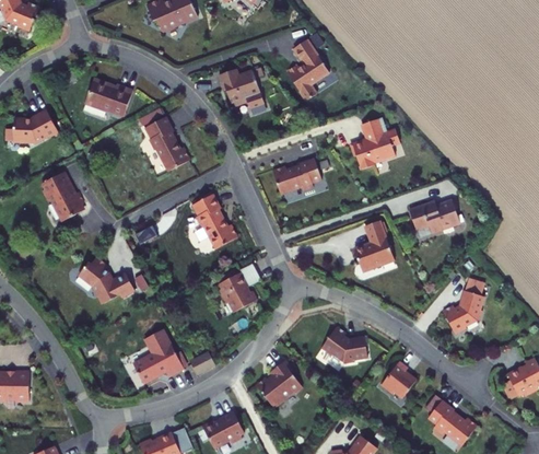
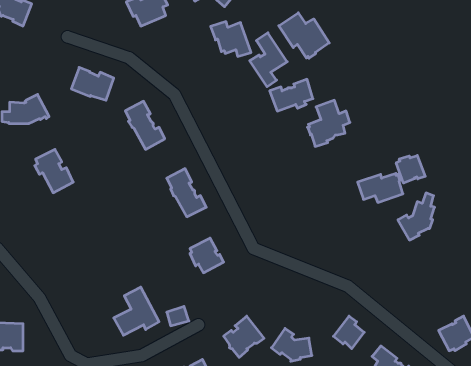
building: none -> [279,13,329,58]
building: [218,70,263,109] -> [211,22,251,56]
building: [272,156,321,193] -> [270,79,313,111]
building: none -> [396,155,425,183]
building: [353,219,392,269] -> none
building: [79,257,136,304] -> none
building: [443,279,484,333] -> [398,193,435,240]
building: [321,326,367,363] -> [271,328,312,361]

